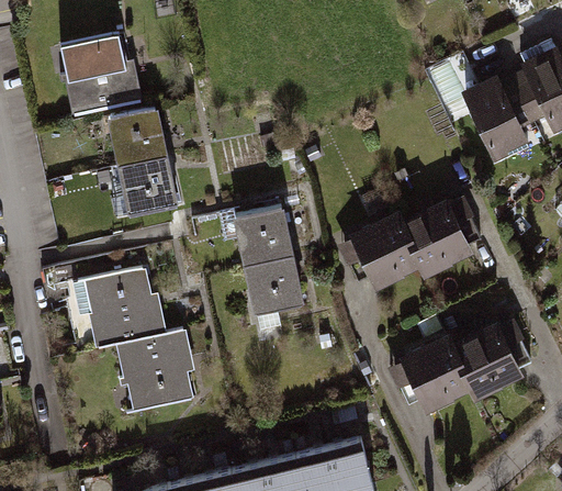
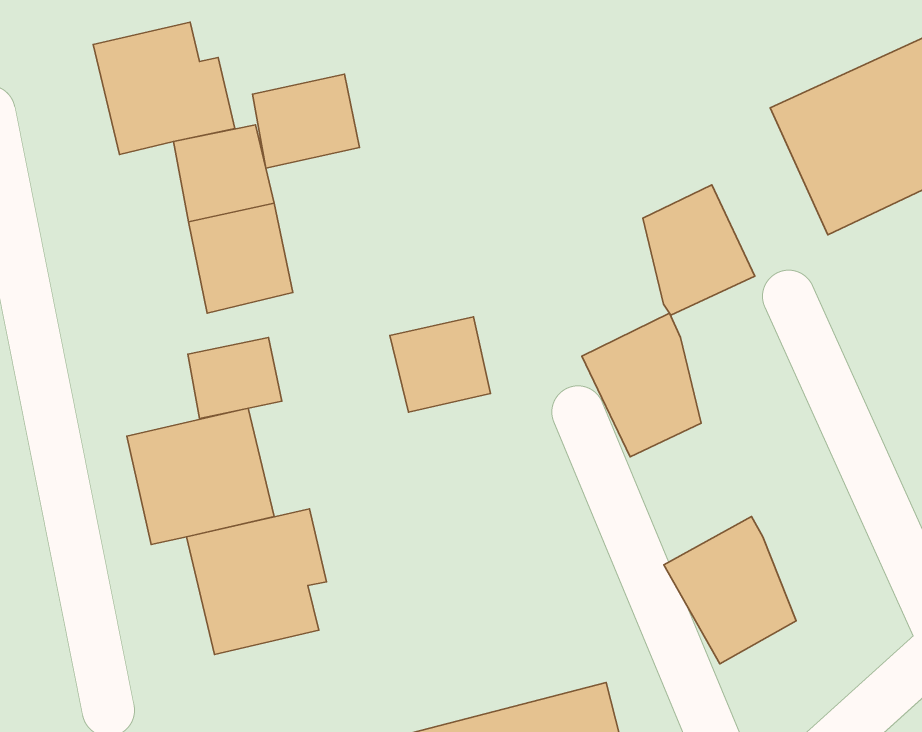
building: none -> [252,74,360,168]
building: [405,203,471,280] -> [643,185,755,315]
building: none -> [188,338,282,418]
building: [245,256,305,316] -> none
building: [453,319,526,402] -> none

